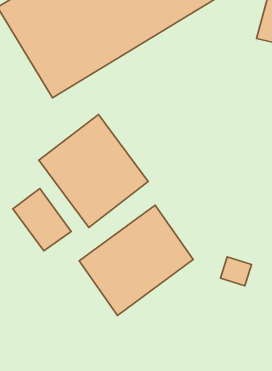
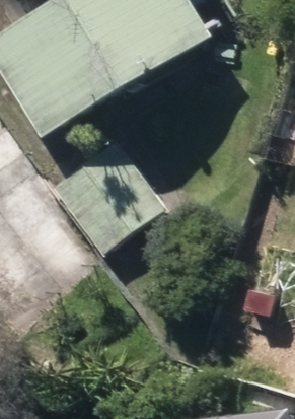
building: [79,205,193,316] -> none

